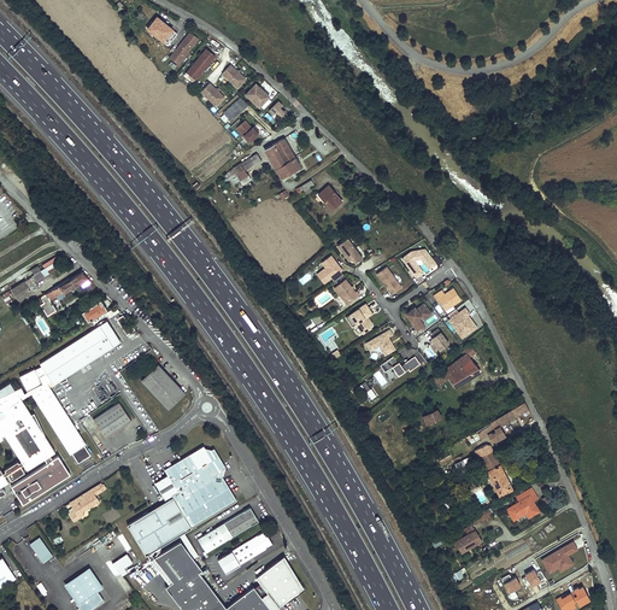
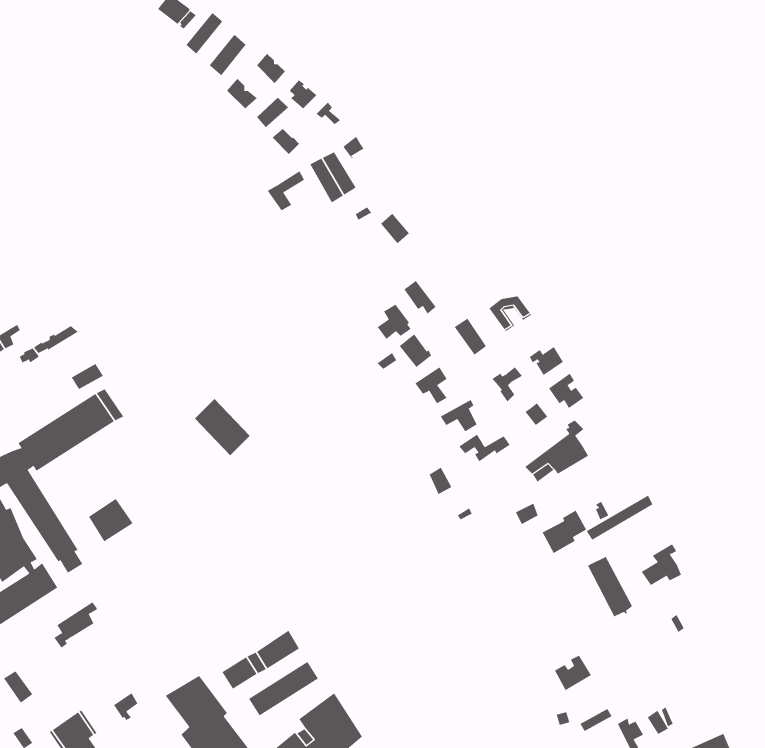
building: [141,365,184,410] -> [194,398,251,456]
building: none -> [542,510,587,554]
building: [125,446,235,556] -> none
building: [506,488,537,521] -> [641,543,682,586]
building: [539,541,577,575] -> none

